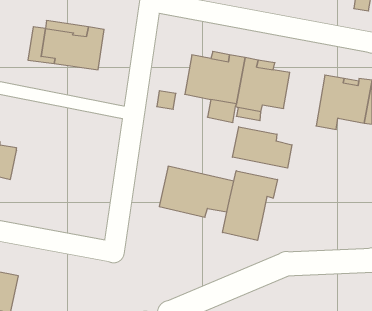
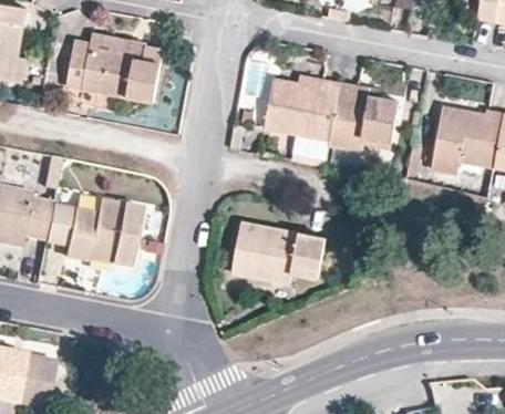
building: [232,127,292,168] -> none
building: none -> [45,198,142,263]
building: [223,171,277,240] -> none

